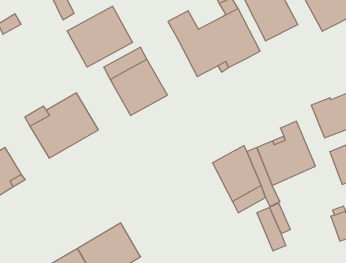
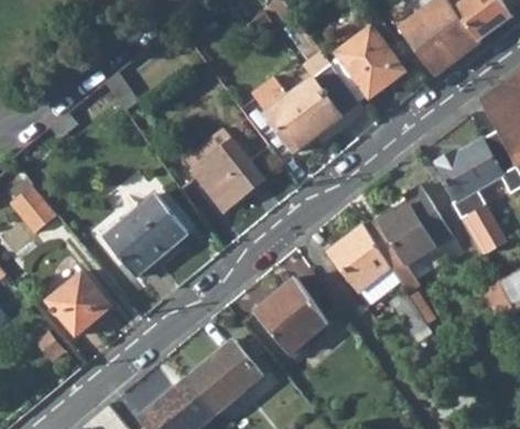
building: [67,6,133,67] -> none
building: none -> [254,278,328,356]

